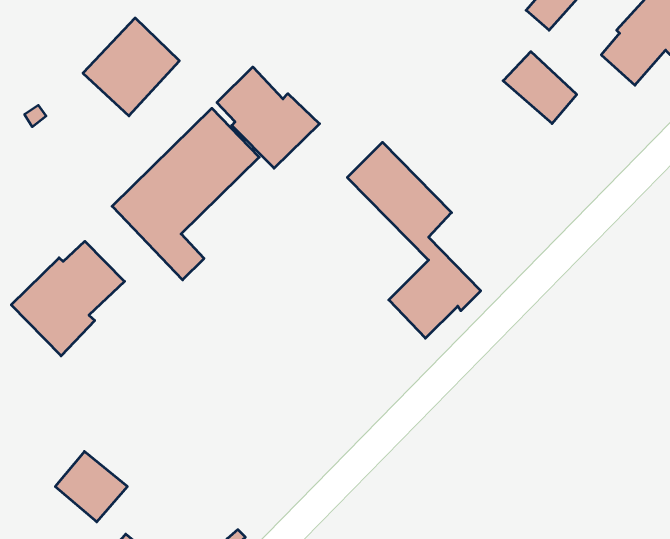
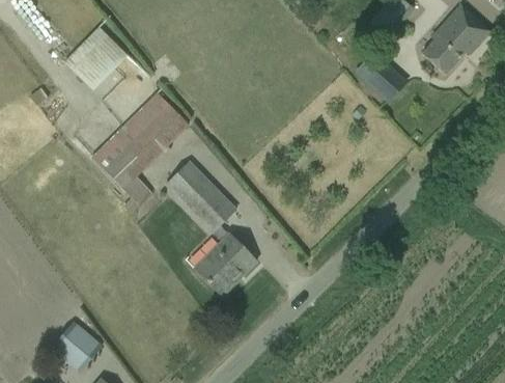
building: [217,67,320,168] -> none
building: [347,142,481,338] -> [166,161,256,294]
building: [11,241,125,356] -> none

